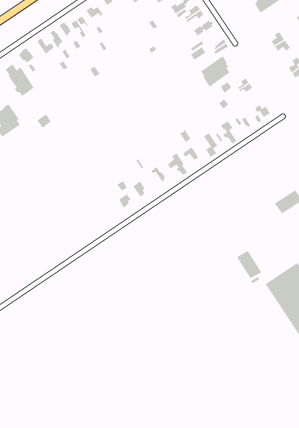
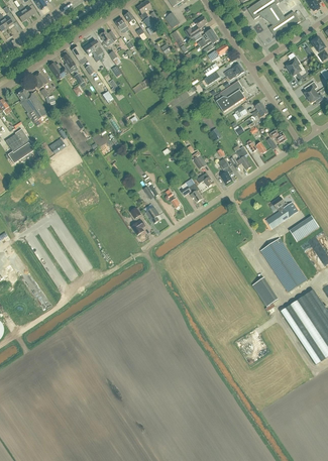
building: none -> [265,196,298,228]
building: none -> [259,237,307,292]

